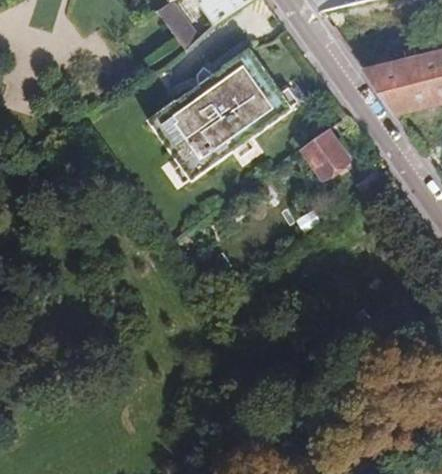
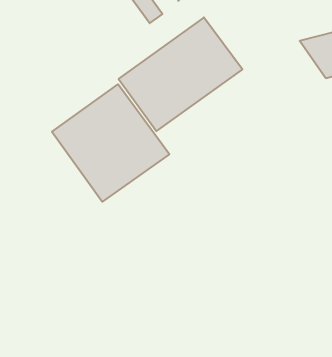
building: none -> [52,84,169,202]
building: [301,121,350,173] -> none

